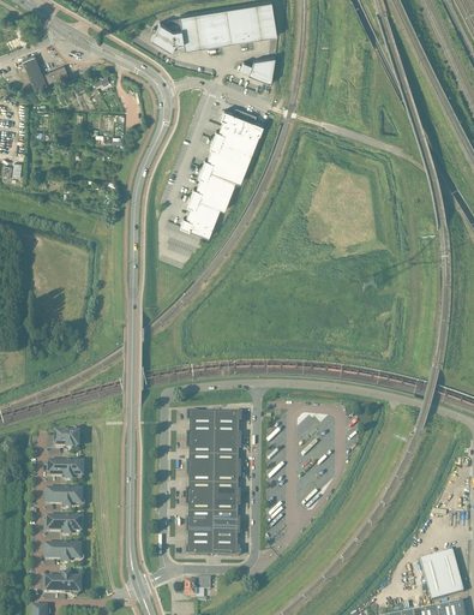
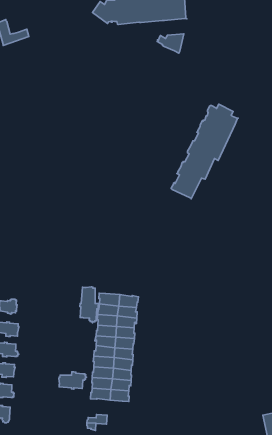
building: [181,106,264,235] -> [171,104,238,199]
building: none -> [80,287,98,323]
building: none -> [59,372,86,389]

